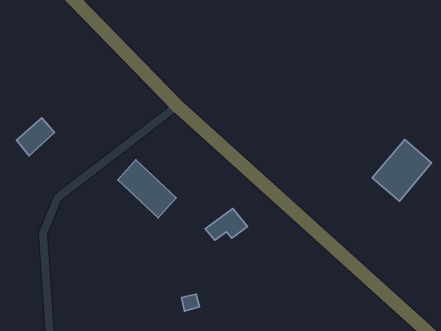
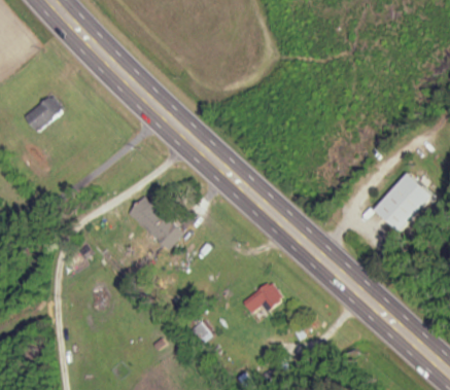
building: [17,118,55,156] -> [24,95,61,132]
building: [205,209,248,240] -> [241,281,282,312]

